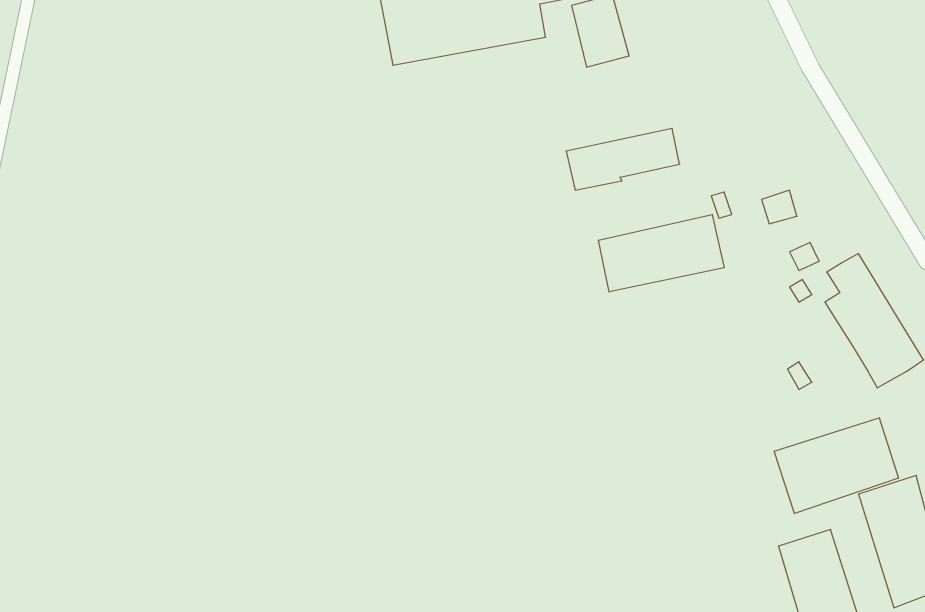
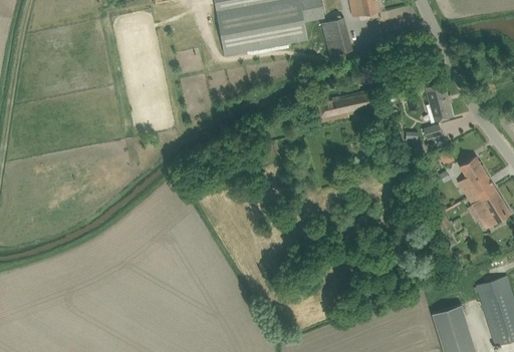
building: none -> [425,82,453,122]
building: [598,214,724,292] -> none
building: [774,418,898,514] -> none

